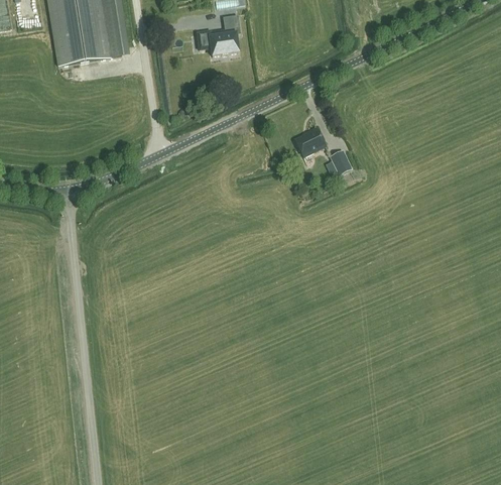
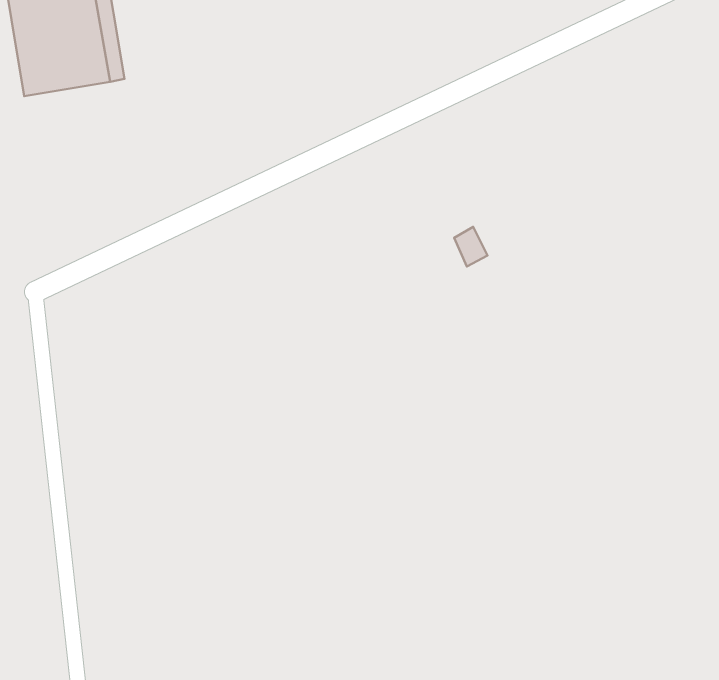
building: [197,14,233,56] -> none
building: [296,126,327,155] -> none

